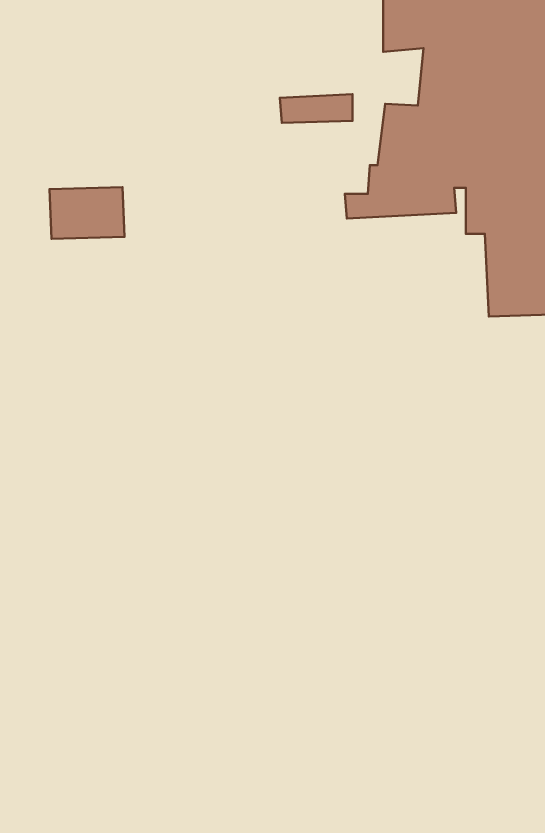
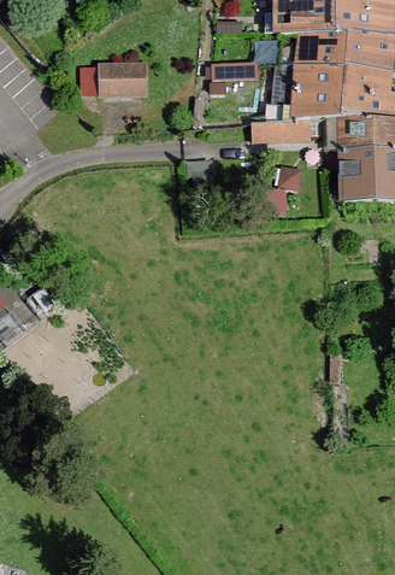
building: [50,187,124,239] -> [98,64,145,96]

